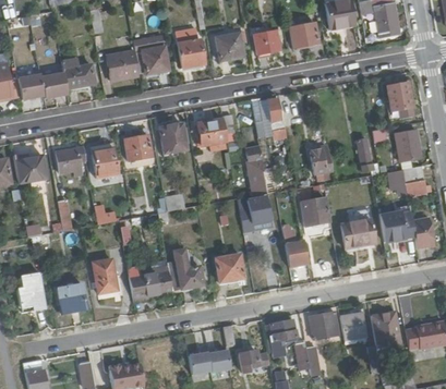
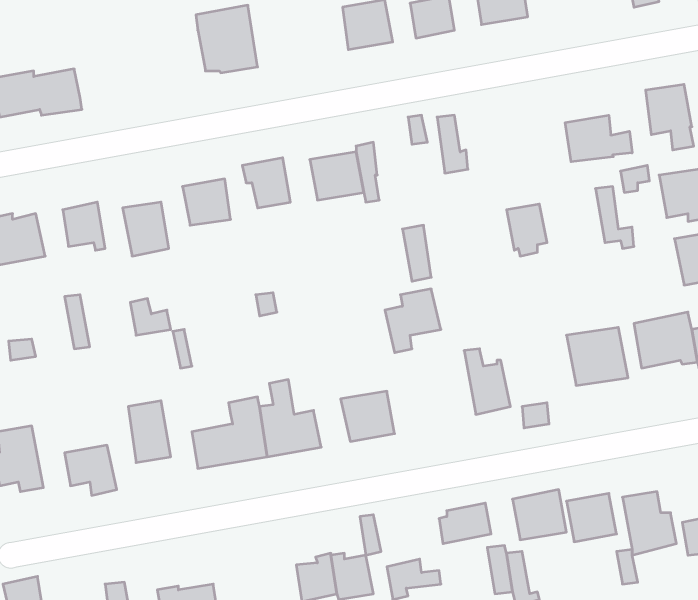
building: [177,39,204,69] -> none
building: [106,51,138,83] -> none
building: [62,63,94,89] -> none
building: none -> [565,115,632,162]
building: [298,190,332,226] -> none

